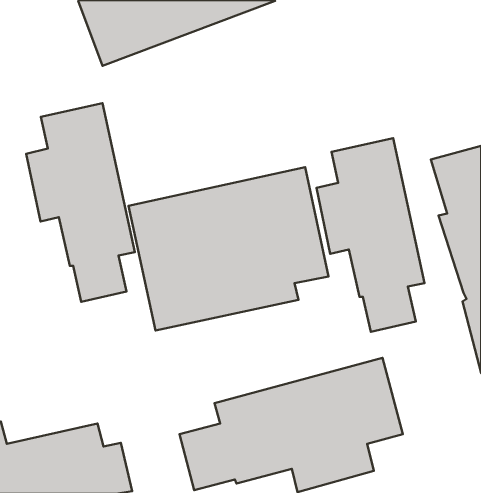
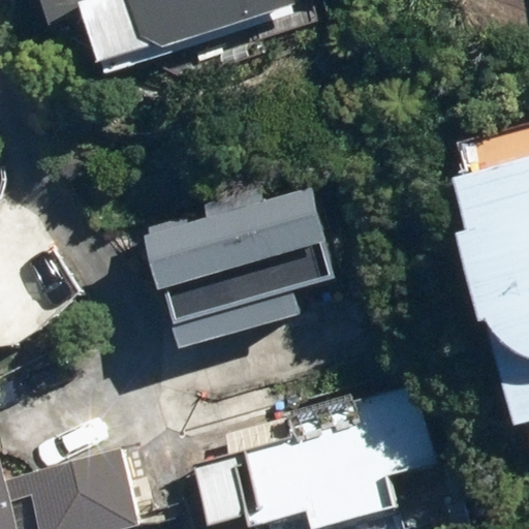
building: [26,103,135,302] -> none
building: [316,138,424,332] -> none

